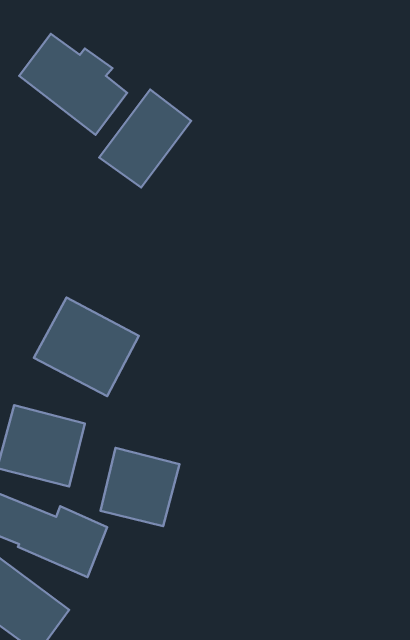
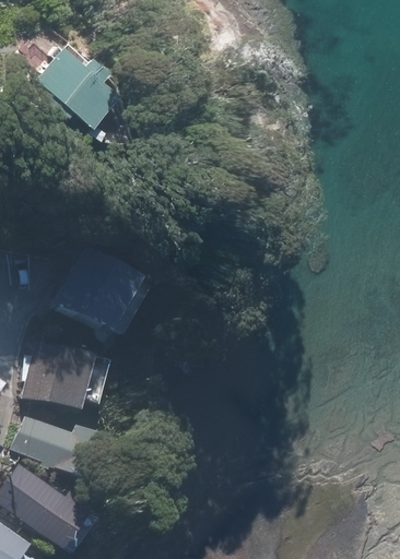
building: [99,90,191,188] -> none
building: [101,448,179,526] -> none

